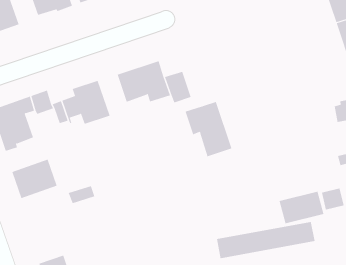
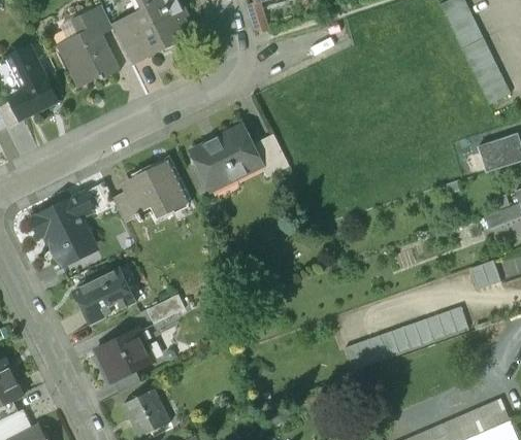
building: [185,101,232,157] -> none
building: [279,191,324,224] -> none
building: none -> [94,329,153,382]

